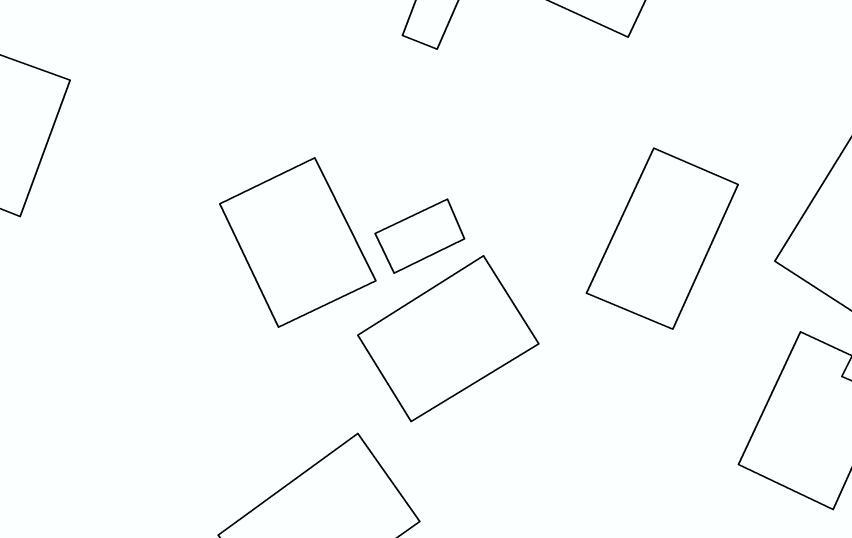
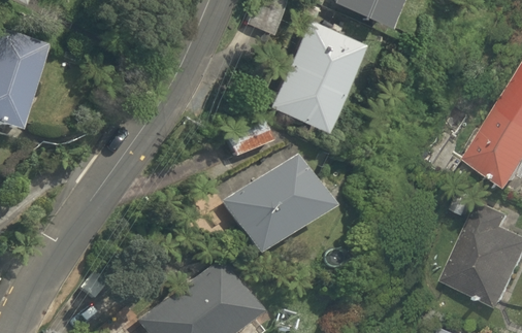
building: [587,148,738,329] -> [271,20,362,128]
building: [220,158,376,327] -> none

